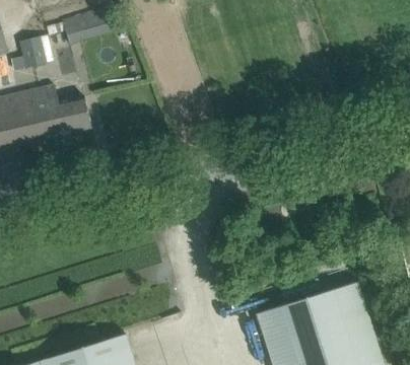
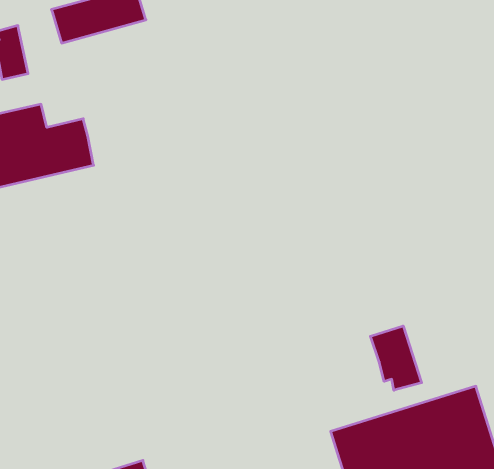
building: none -> [370,326,422,390]

